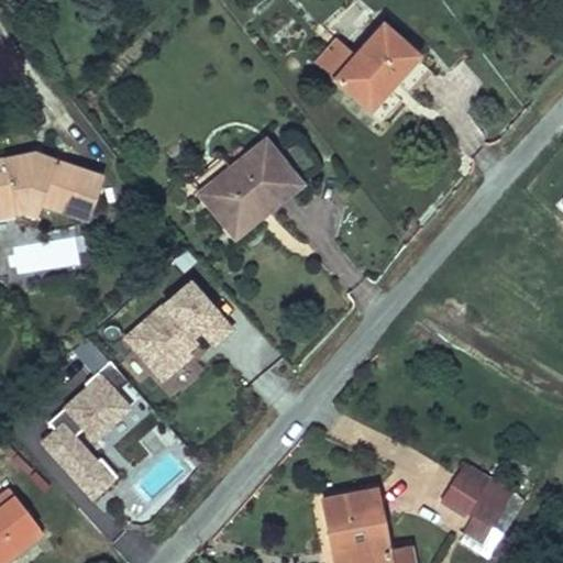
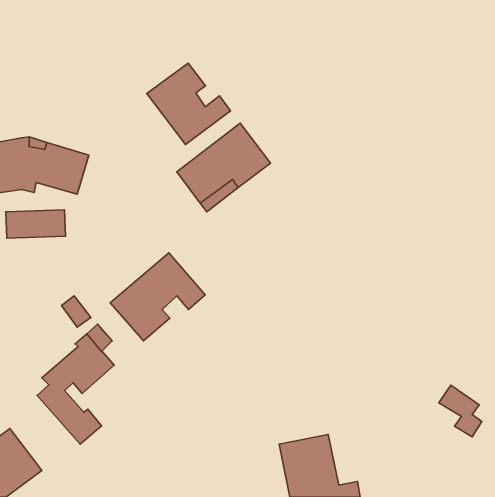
building: [319,22,438,126] -> none
building: none -> [147,63,230,144]
building: [451,463,499,521] -> [439,385,482,437]

